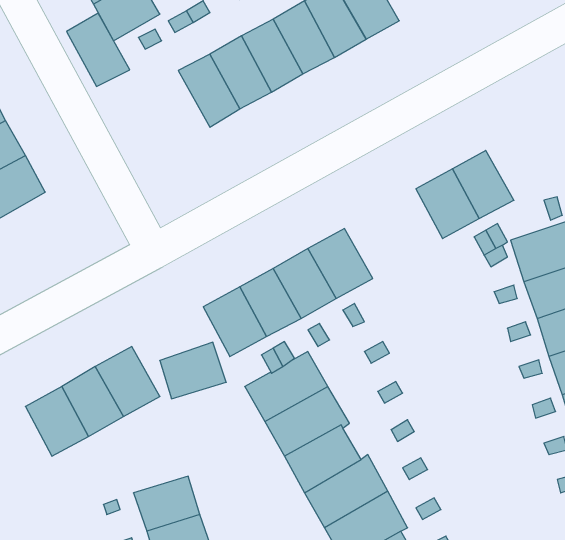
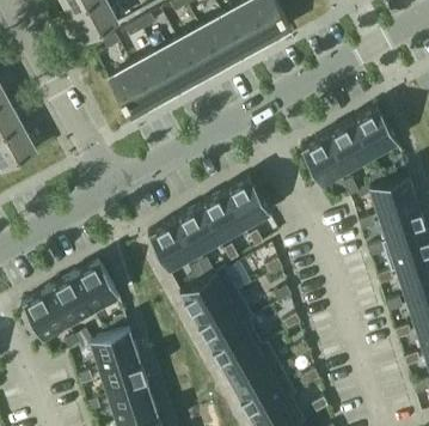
building: [67,13,130,86] -> [109,66,154,118]
building: none -> [353,109,399,159]
building: [160,342,226,399] -> [91,329,139,370]

